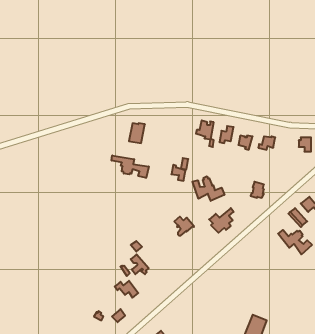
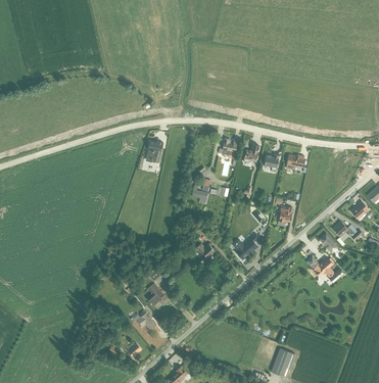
building: [112,155,149,178] -> none
building: [192,176,224,201] -> none

